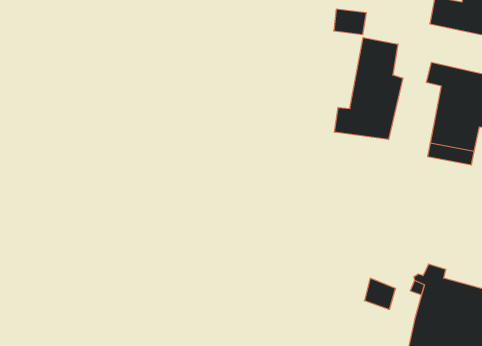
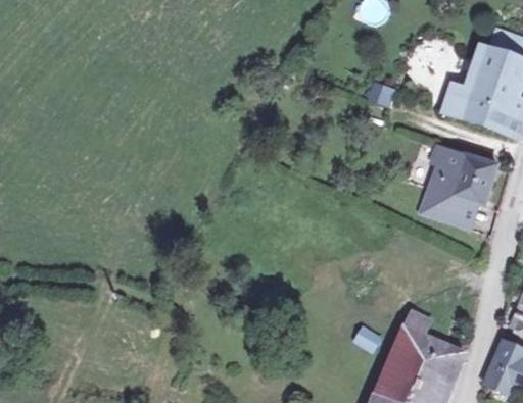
building: [334,38,403,140] -> none

